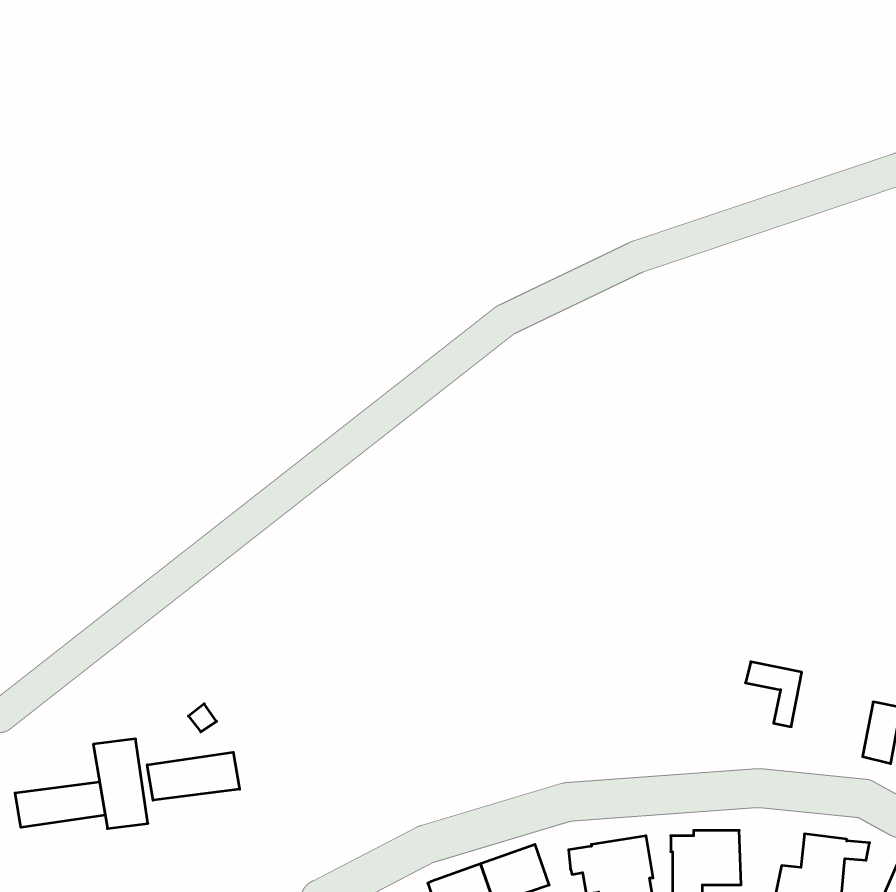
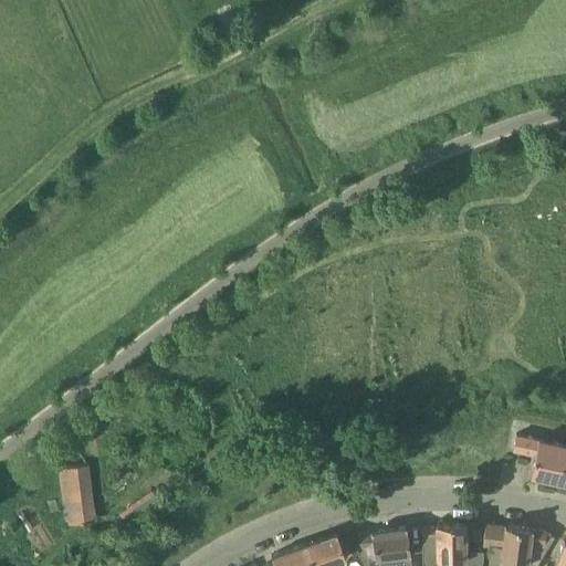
building: [745,662,802,727] -> [515,439,551,480]
building: [147,752,240,800] -> none
building: [15,782,105,827] -> none

